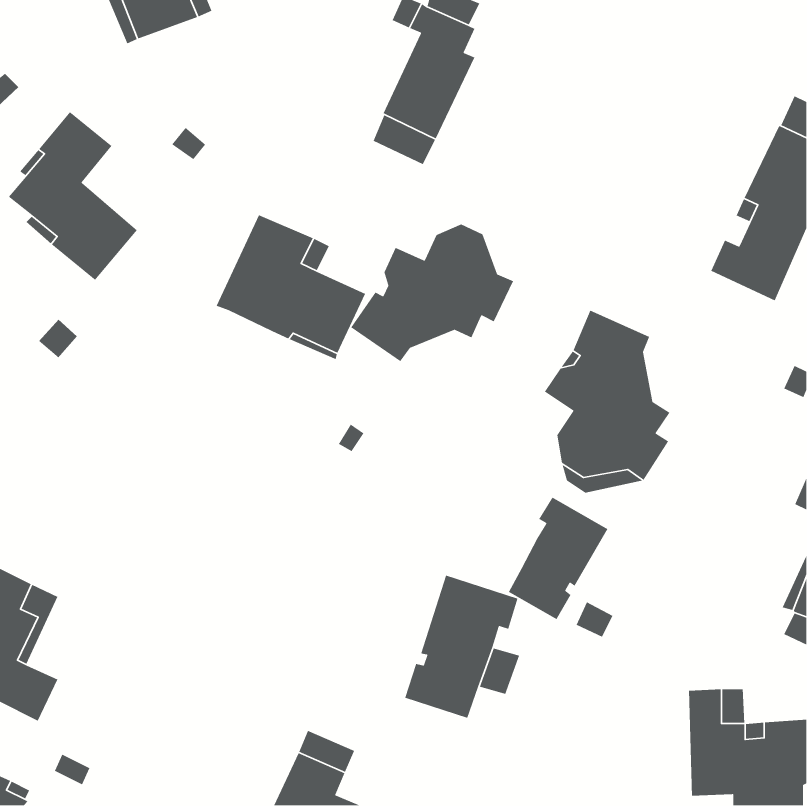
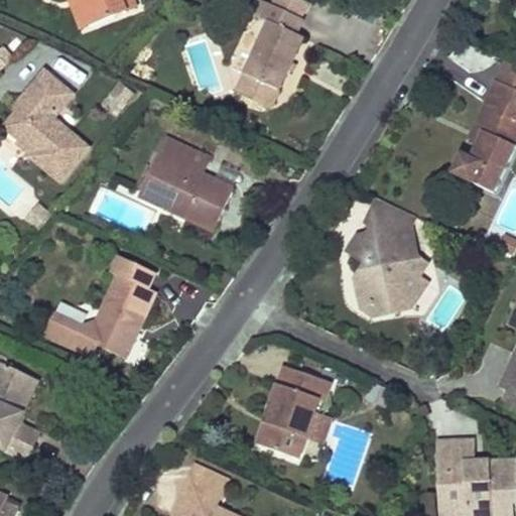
building: [350,223,514,362] -> none
building: none -> [42,256,155,358]
building: [508,496,608,620] -> none

